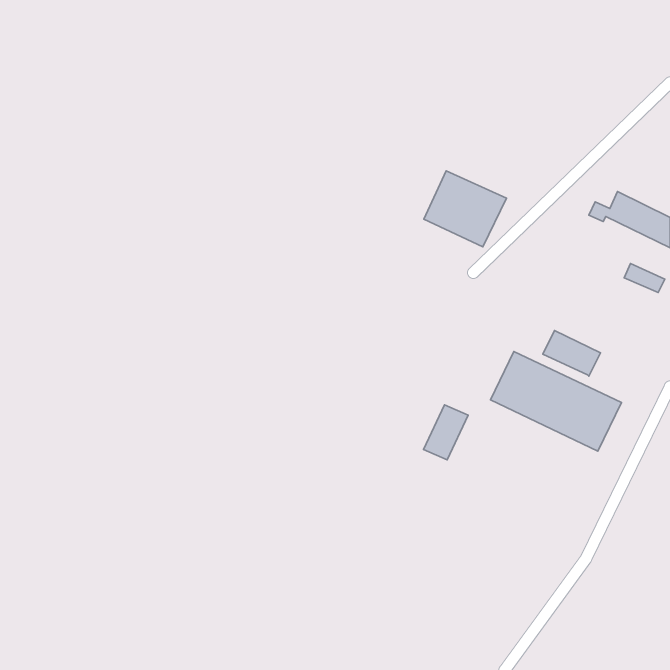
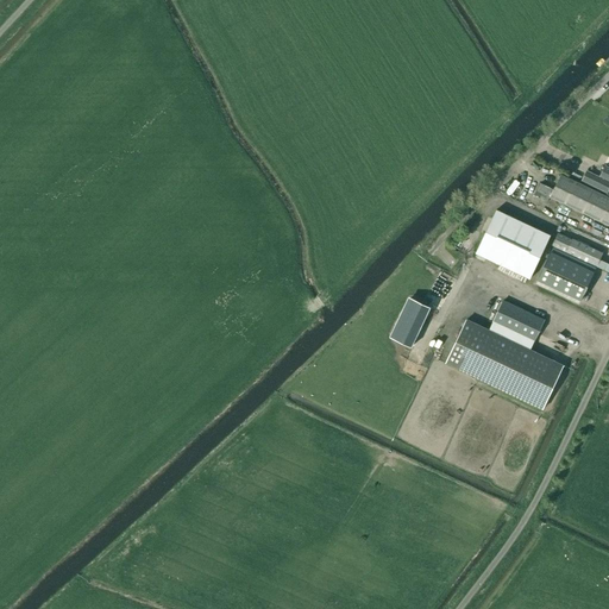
building: [424,171,507,247] -> [476,209,551,278]
building: none -> [538,252,594,301]
building: [424,405,468,460] -> [390,296,431,346]

